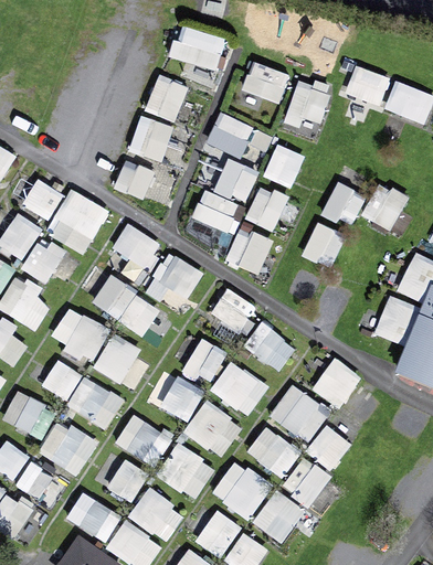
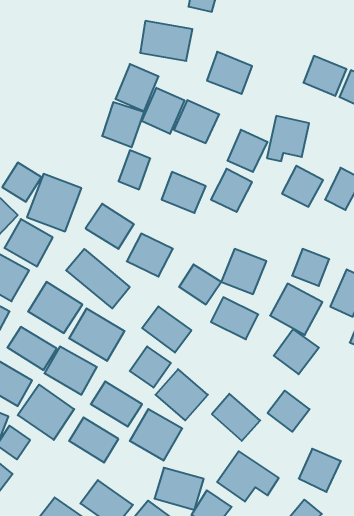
building: [285,78,330,127] -> [267,116,309,161]
building: none -> [142,88,184,134]
building: [213,158,257,203] -> none
building: [113,159,154,201] -> none
building: [304,225,344,265] -> [292,249,329,286]
building: [225,227,274,276] -> [221,249,266,294]
building: [212,362,268,415] -> none
building: [270,384,326,439] -> [270,284,322,335]
building: [284,459,329,505] -> [299,449,341,492]
building: [211,461,271,519] -> none
building: [128,487,184,541] -> none
building: [65,492,118,541] -> none

